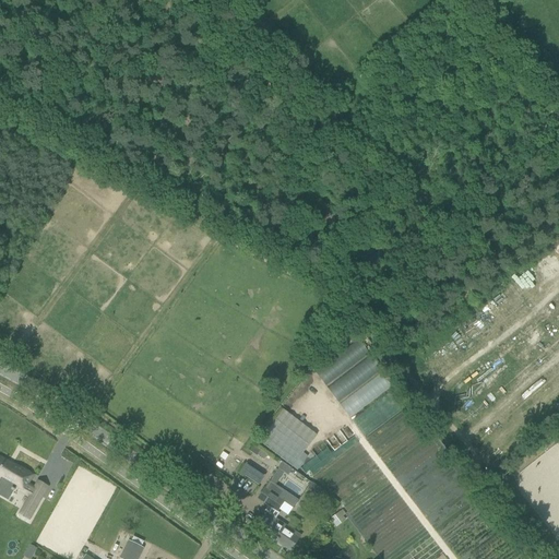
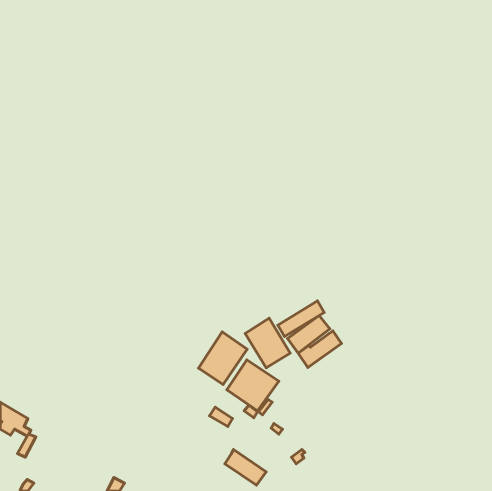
building: none -> [245,318,290,368]
building: none -> [199,332,247,384]
building: [259,479,300,511] -> none

